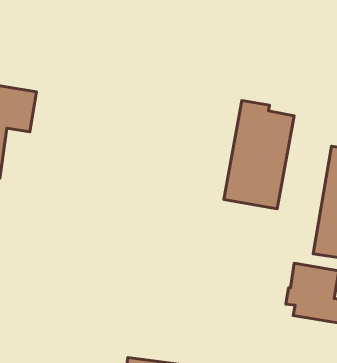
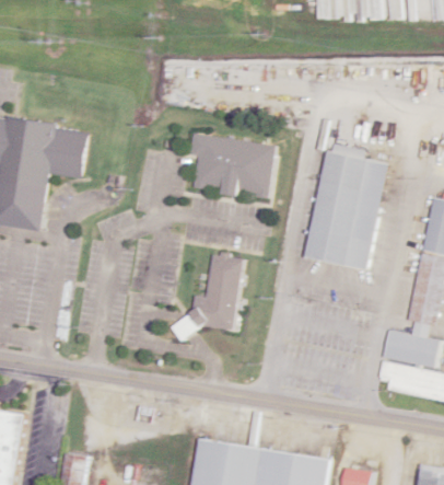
building: none -> [192,132,279,200]
building: none -> [177,256,247,340]

